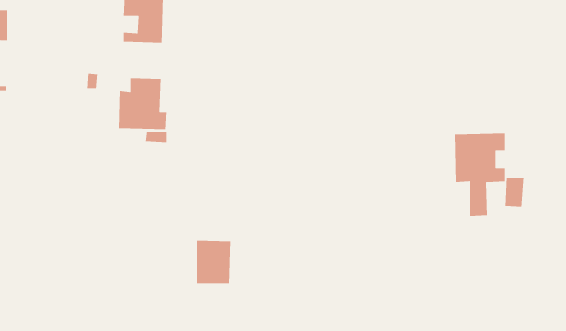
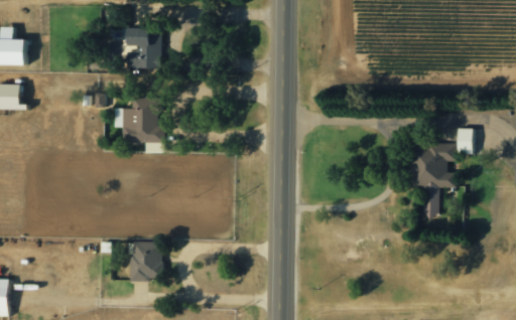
building: [505,177,524,208] -> [456,128,473,154]
building: [196,240,231,284] -> [129,242,159,280]

